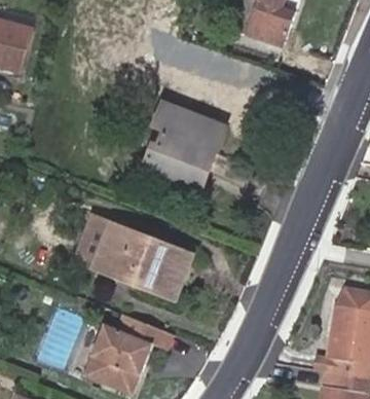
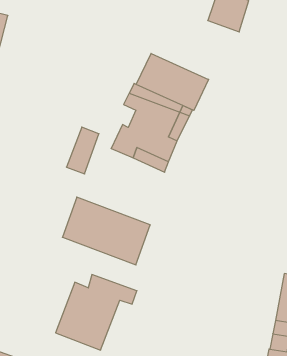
building: none -> [136,53,209,110]
building: [72,216,107,266] -> [66,127,99,174]

